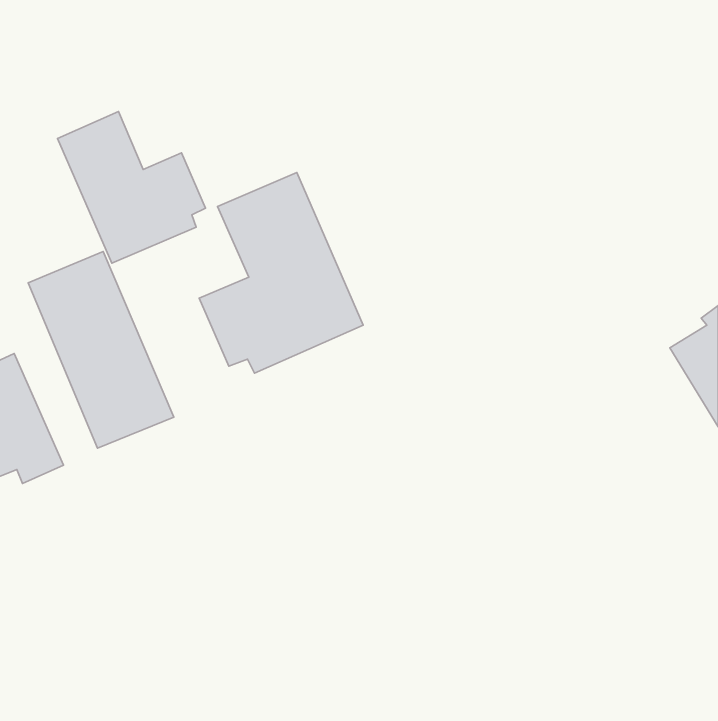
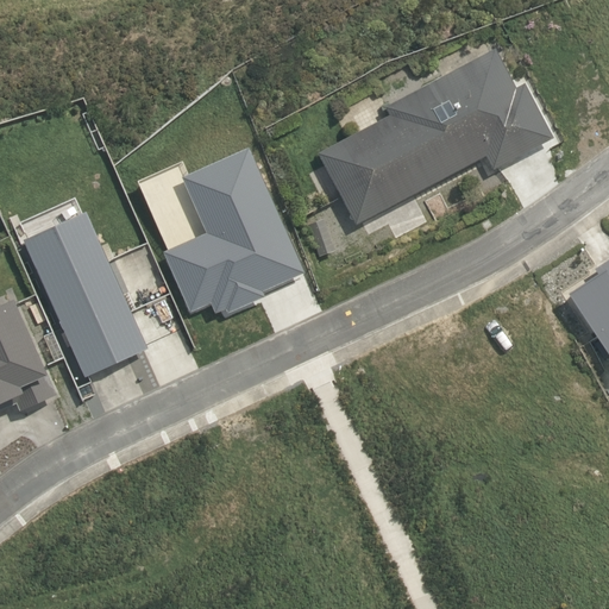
building: none -> [318,49,554,225]
building: [57,112,205,263] -> none

